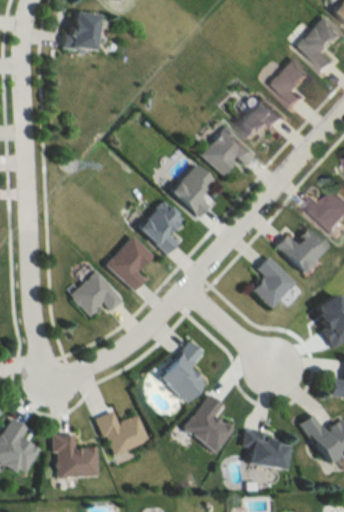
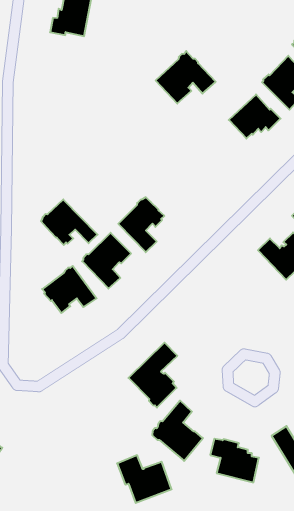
building: [198,125,256,176] -> [156,51,216,104]
building: [167,163,214,218] -> none
building: none -> [41,199,98,245]
building: [249,256,294,309] -> none
building: [91,410,145,456] -> [117,455,172,503]
building: [49,435,96,479] -> none

